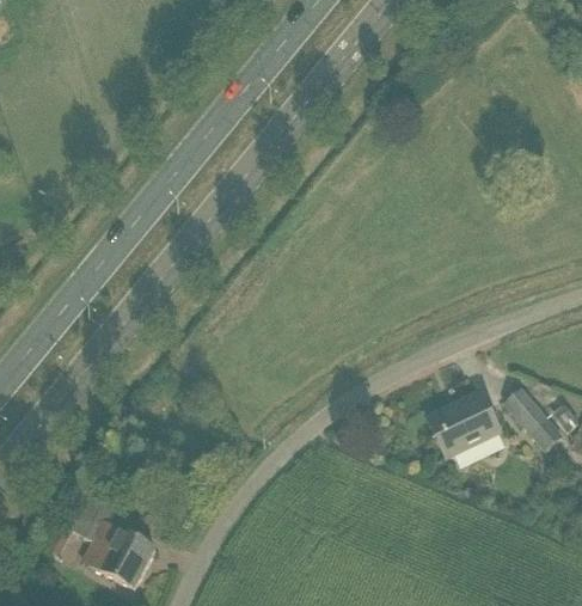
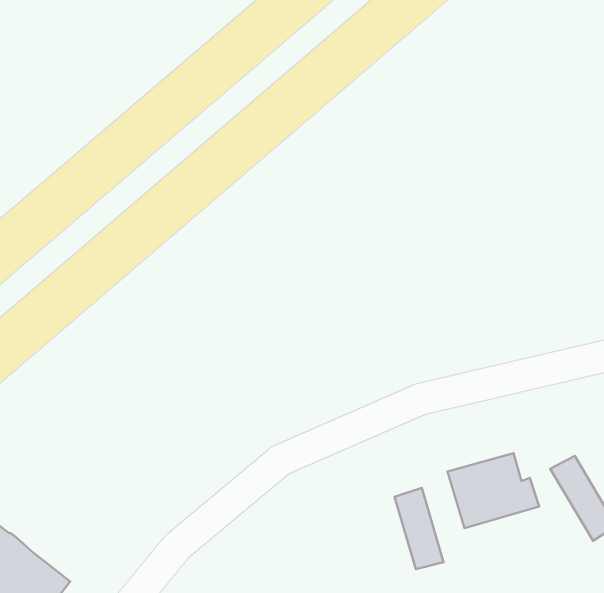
building: none -> [395,488,444,569]

